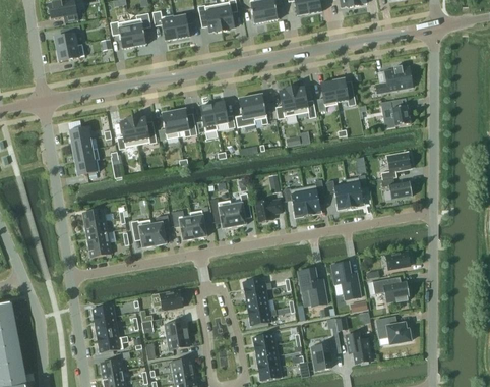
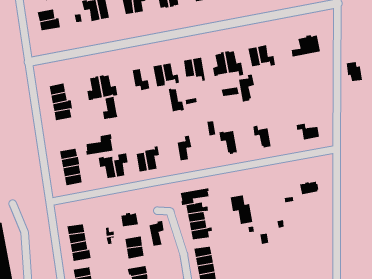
building: [388,100,410,125] -> [346,62,363,82]
building: [159,110,179,140] -> [102,96,118,120]
building: none -> [168,88,184,112]
building: [380,152,412,179] -> none
building: [346,174,367,207] -> none
building: [303,179,324,215] -> [238,74,255,102]
building: none -> [85,134,113,155]
building: [210,198,235,228] -> none
building: [256,199,282,222] -> none
building: none -> [180,188,209,206]
building: [331,262,361,299] -> none
building: [372,276,409,301] -> none
building: none -> [149,220,164,247]
building: [375,316,413,343] -> none
building: [346,332,371,364] -> none
building: [310,339,334,370] -> none

